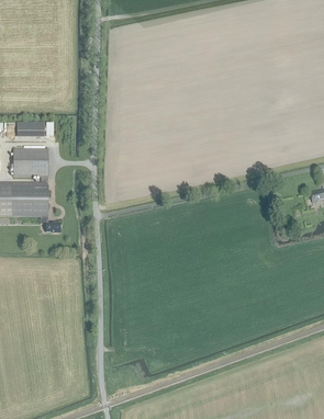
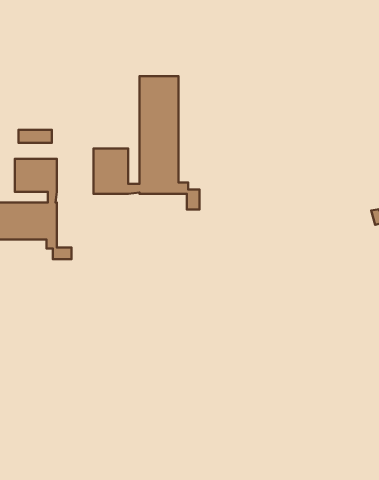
building: none -> [93,76,199,209]

